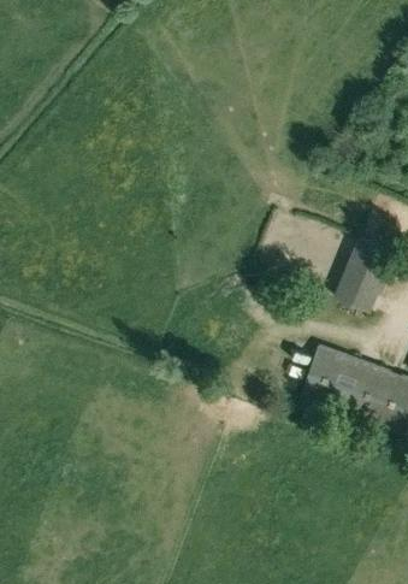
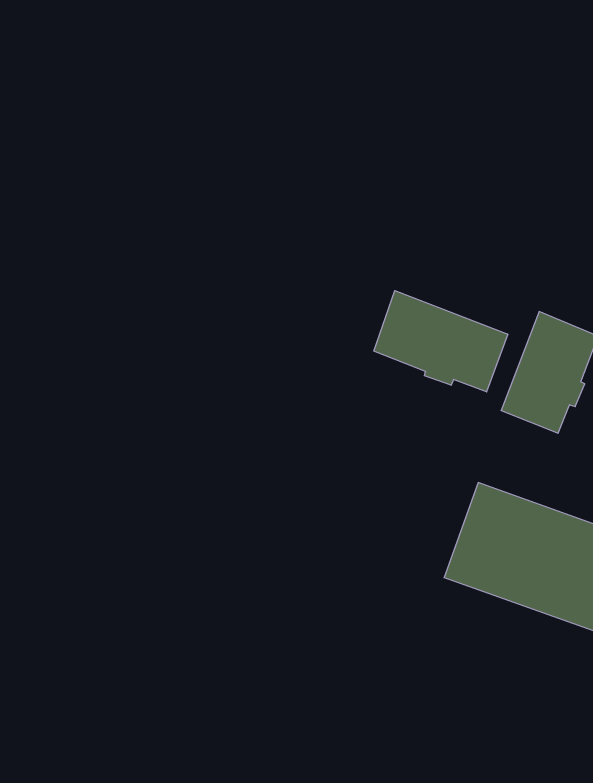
building: none -> [374,291,508,392]

